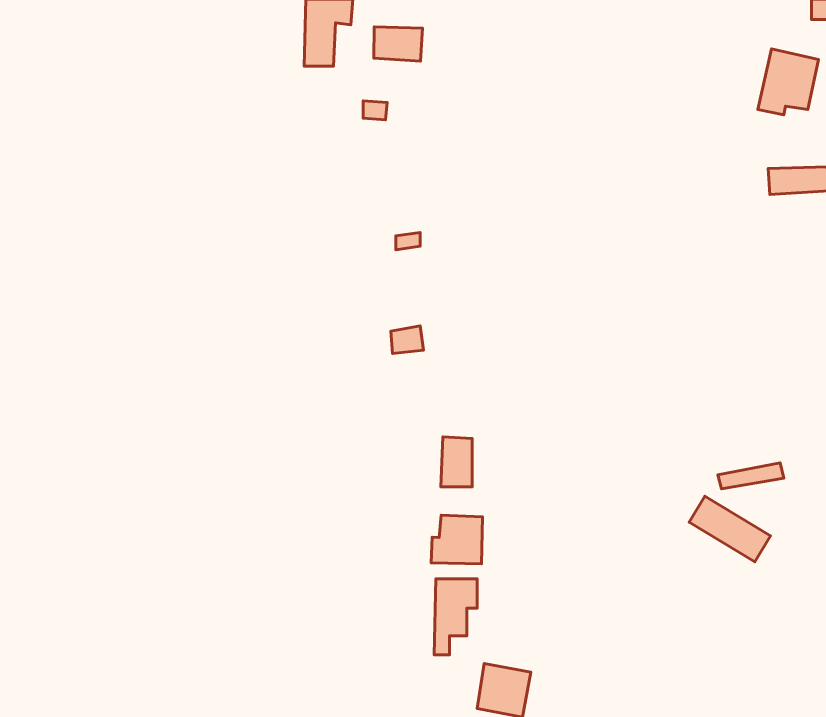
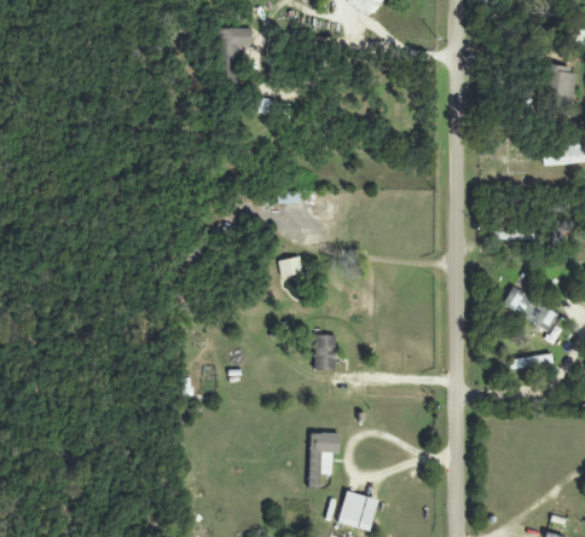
building: [374,27,422,61] -> none
building: [689,496,771,562] -> [503,285,560,331]
building: [431,515,483,564] -> none

